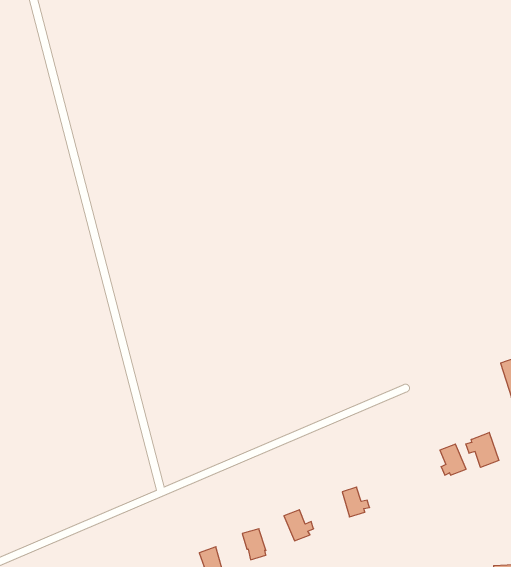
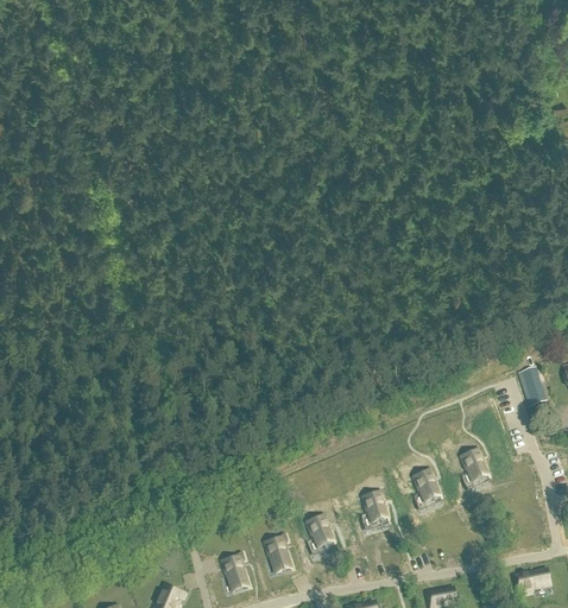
building: [466,432,499,467] -> none
building: none -> [414,471,440,504]

